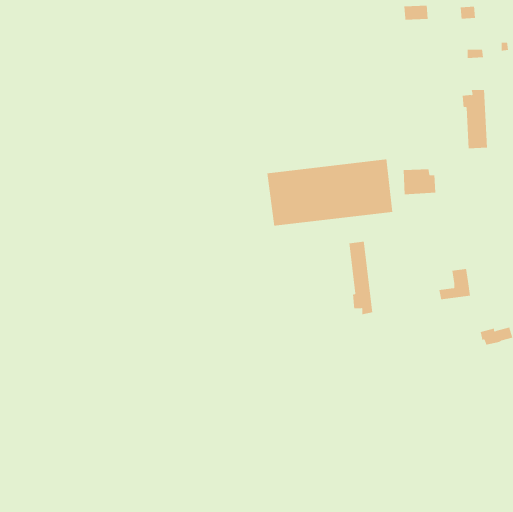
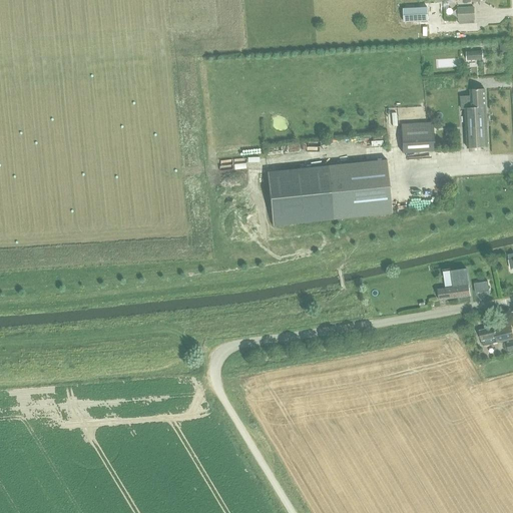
building: [403,169,436,195] -> [400,125,433,151]
building: [349,241,373,315] -> none

